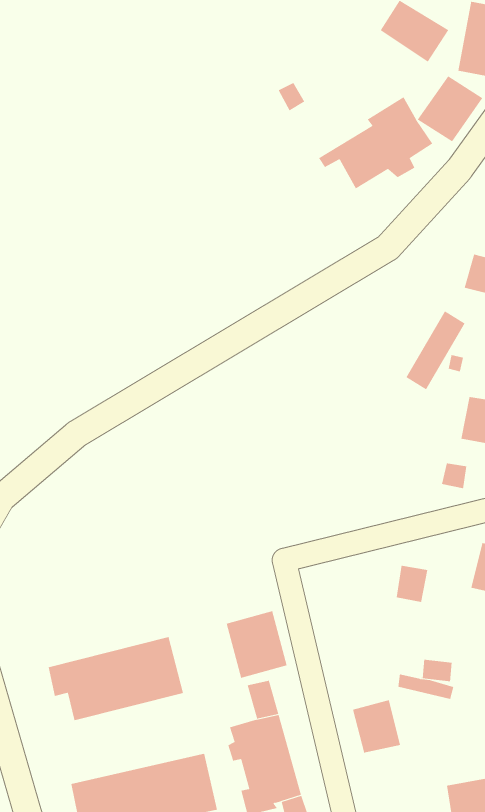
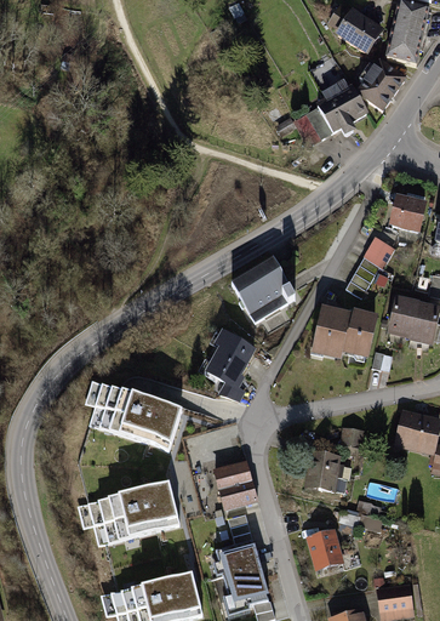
building: none -> [236,258,292,310]
building: none -> [319,308,373,357]
building: none -> [205,330,256,398]
building: none -> [88,380,181,446]
building: none -> [308,452,338,492]

